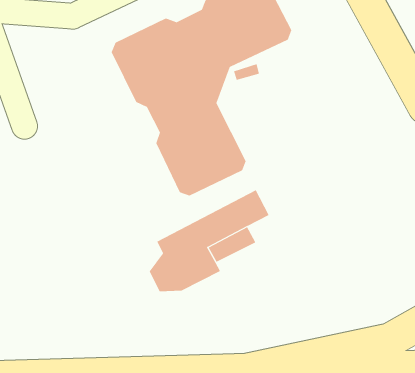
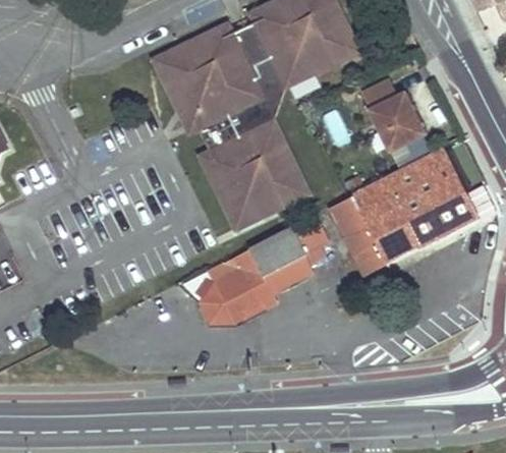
building: none -> [360,79,421,149]
building: none -> [329,149,476,274]

